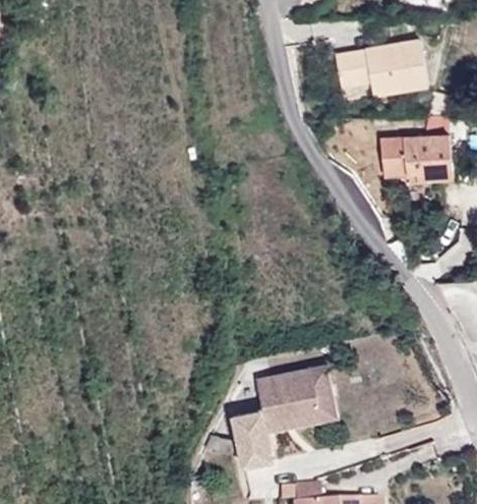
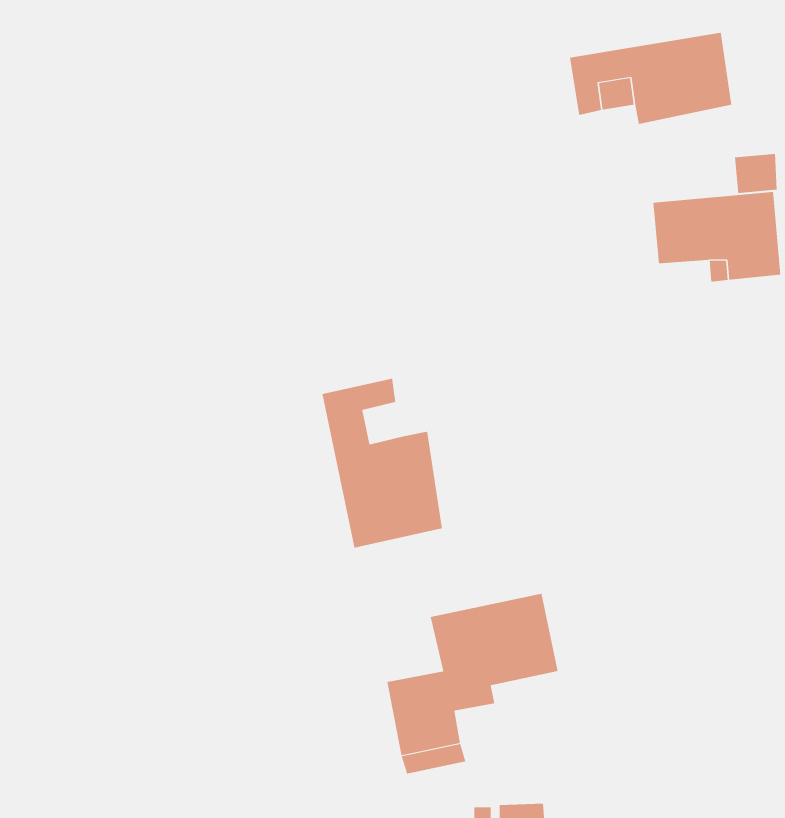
building: none -> [322,378,443,549]
building: [289,360,338,425] -> none

